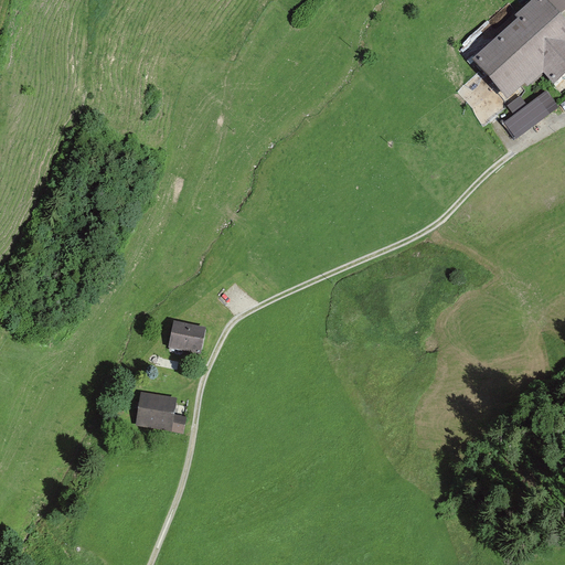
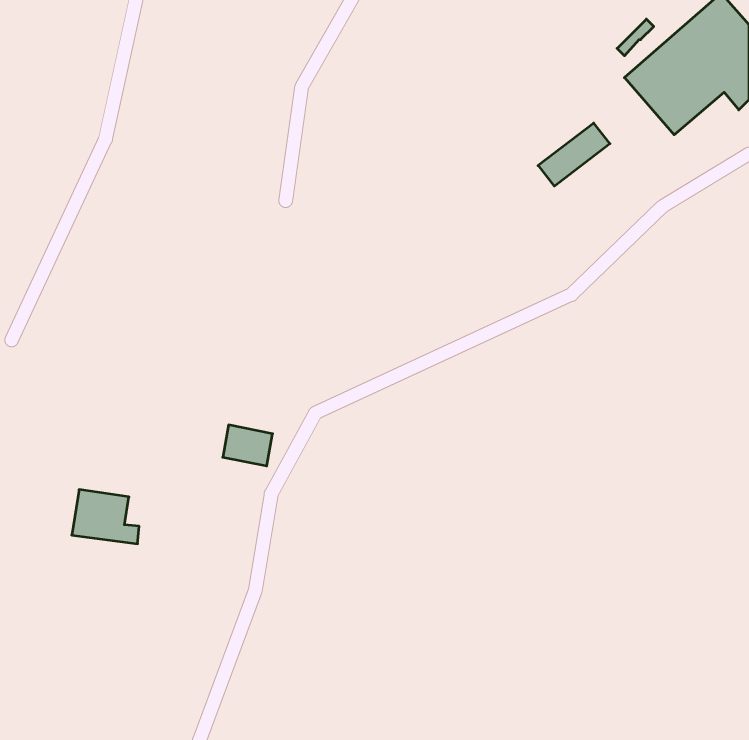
building: [505,87,559,135] -> [538,123,610,186]
building: [136,390,186,430] -> [72,490,139,544]

